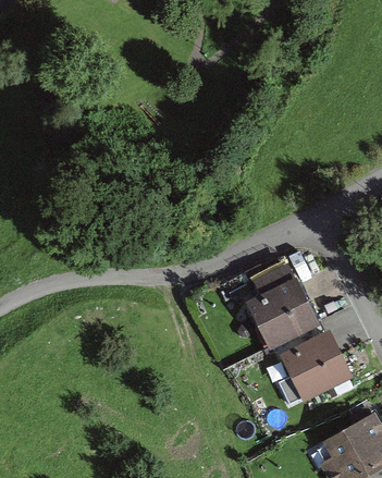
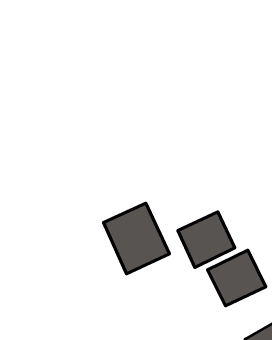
building: none -> [103,203,170,274]

